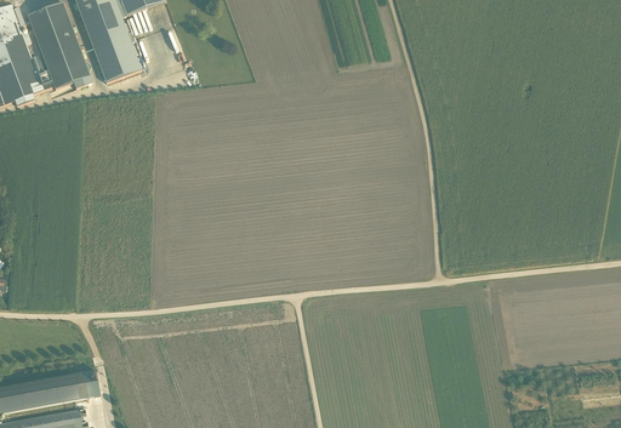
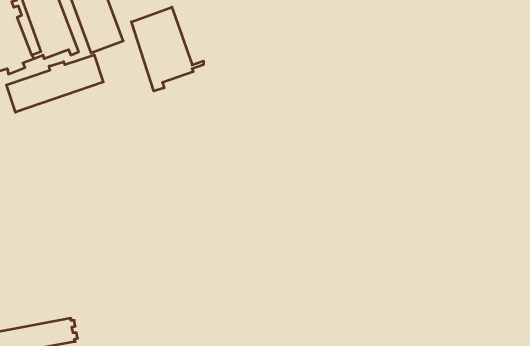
building: none -> [131,7,203,91]
building: none -> [6,55,103,112]

